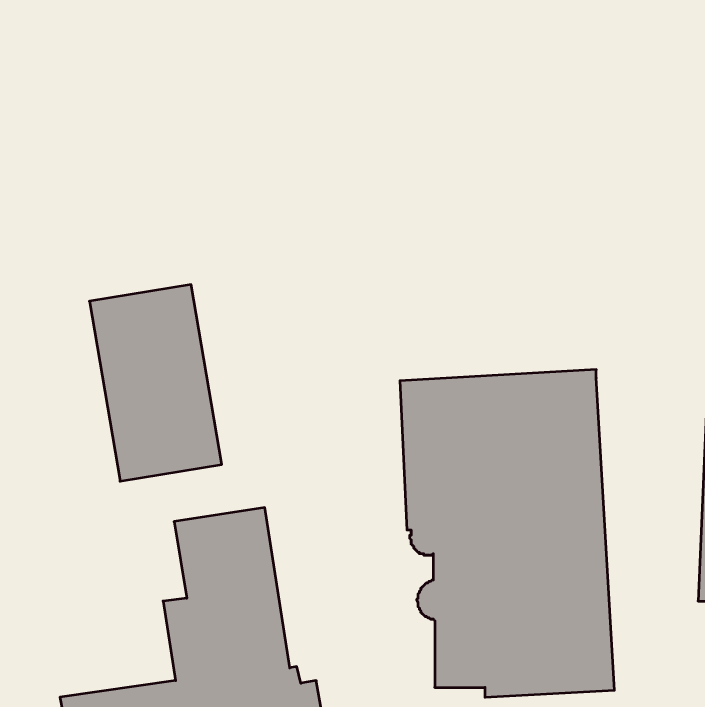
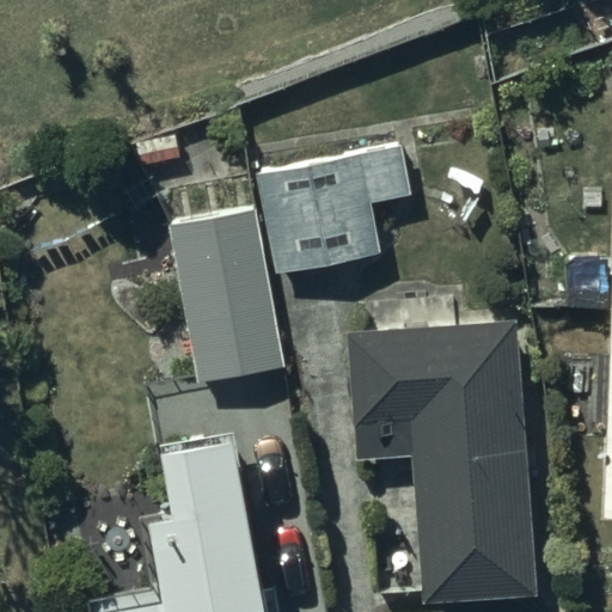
building: none -> [262,149,411,275]
building: [89,285,222,481] -> [173,210,287,379]

